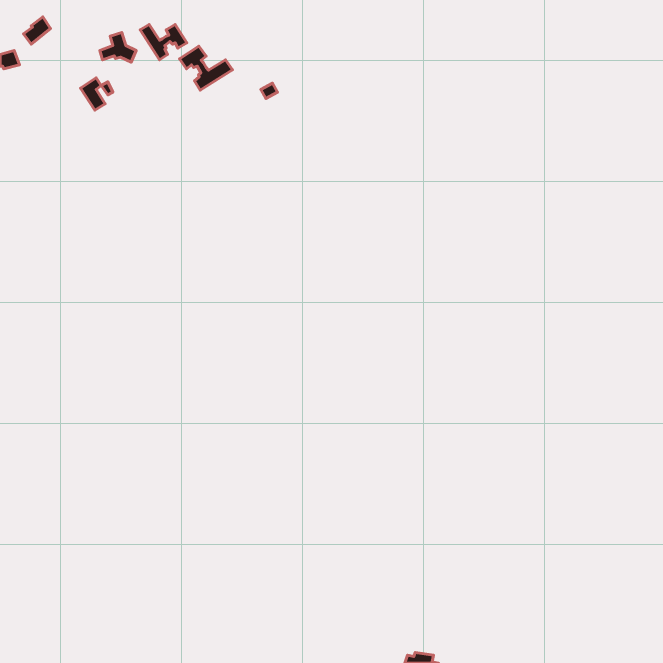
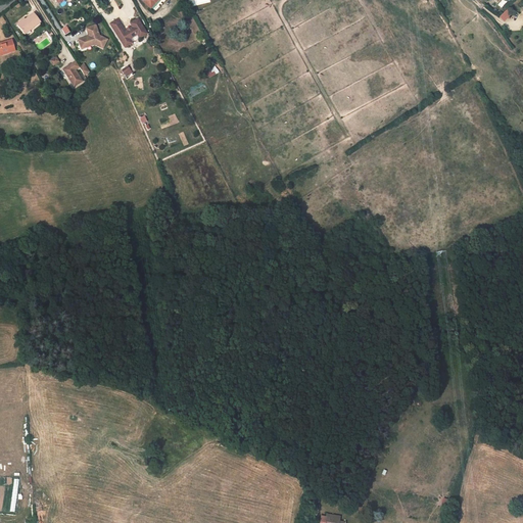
building: [179,46,233,90] -> none

